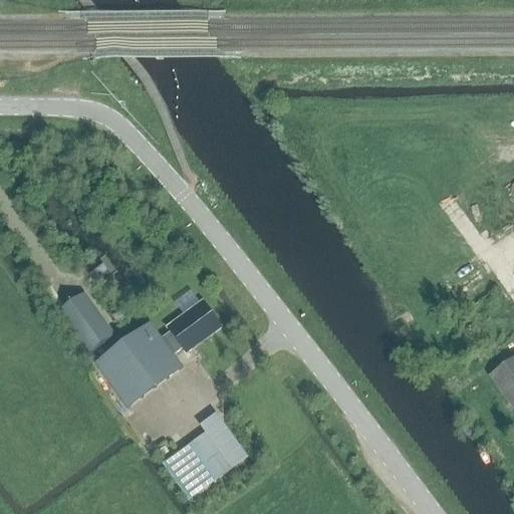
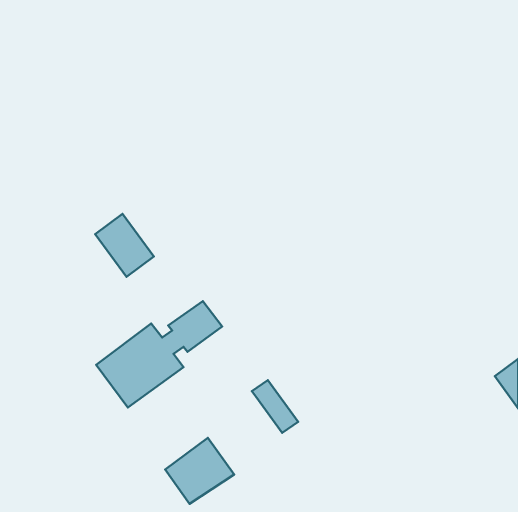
building: [56,289,114,351] -> [95,214,154,277]
building: [202,418,248,470] -> [252,380,298,433]

